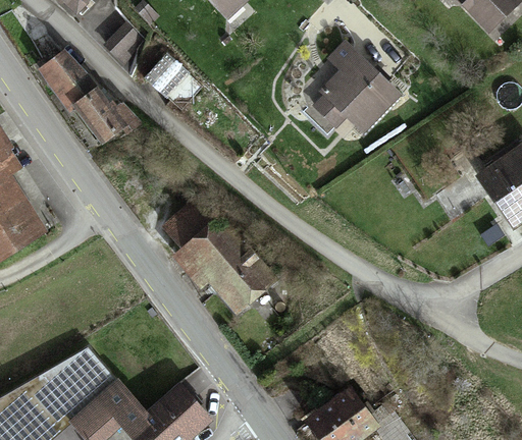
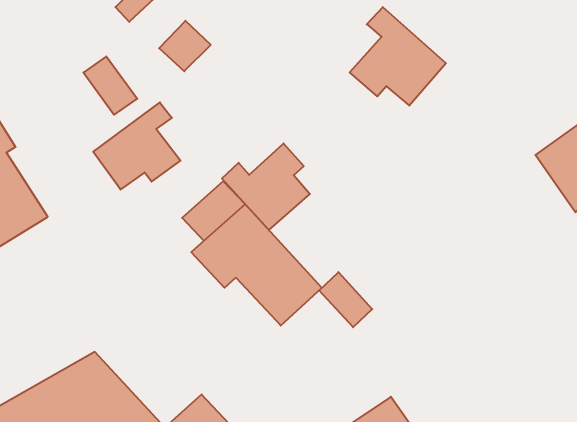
building: [43,53,97,106] -> none
building: none -> [93,102,180,190]
building: none -> [222,143,310,230]
building: none -> [319,272,372,327]

